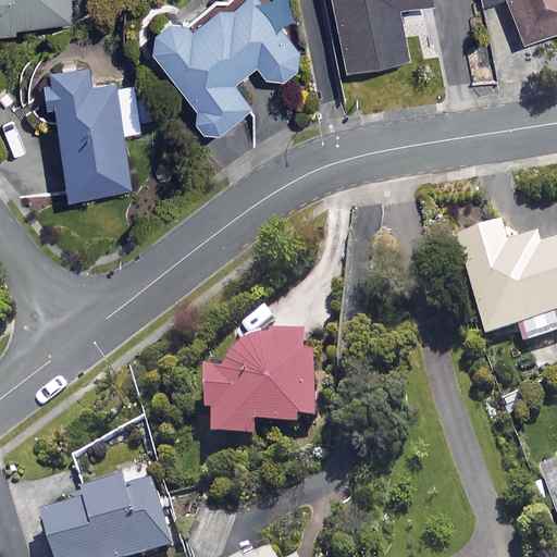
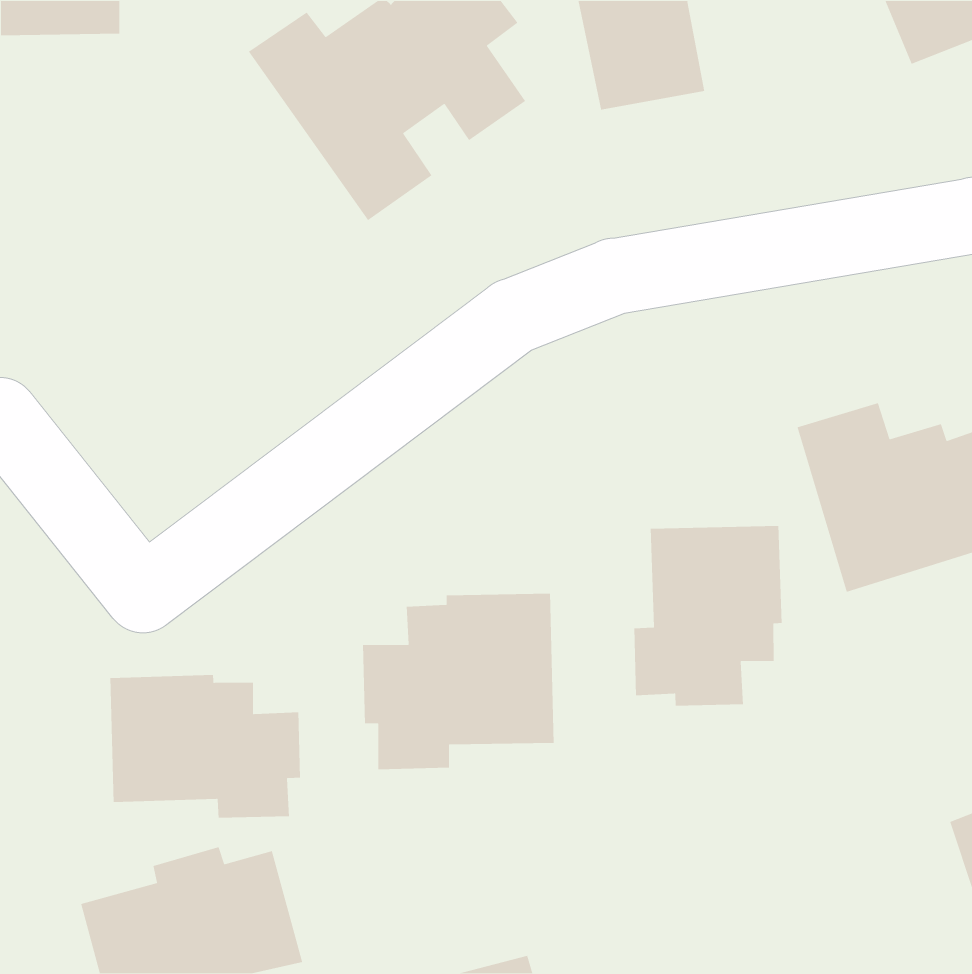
building: [36,62,140,193] -> none
building: none -> [633,525,782,707]
building: none -> [110,674,301,819]

